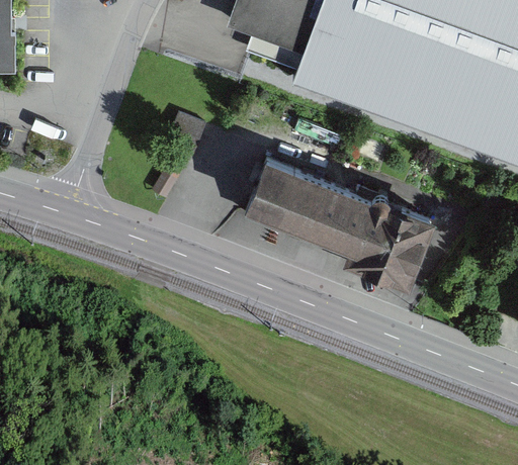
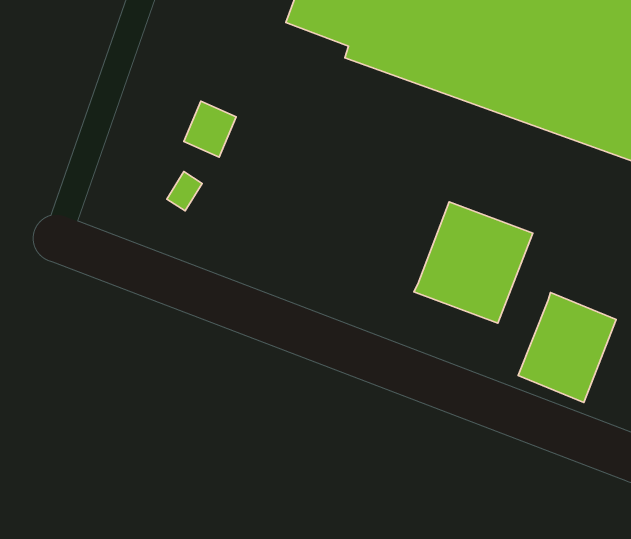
building: [245,149,372,253] -> none
building: none -> [518,292,616,402]

